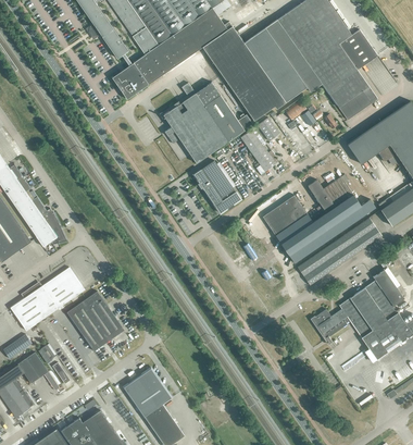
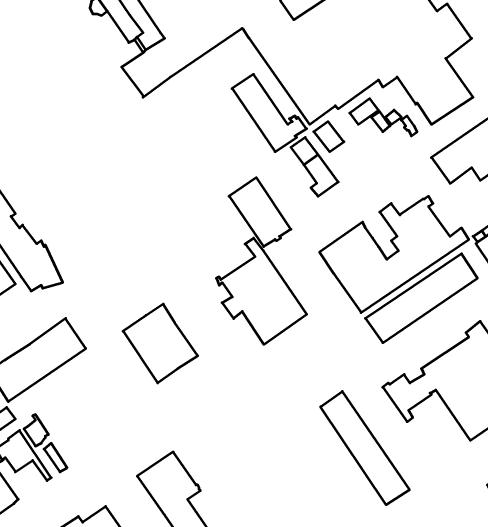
building: [160,83,228,163] -> [216,238,307,344]
building: [67,291,124,350] -> [123,304,198,383]
building: none -> [321,391,409,505]

